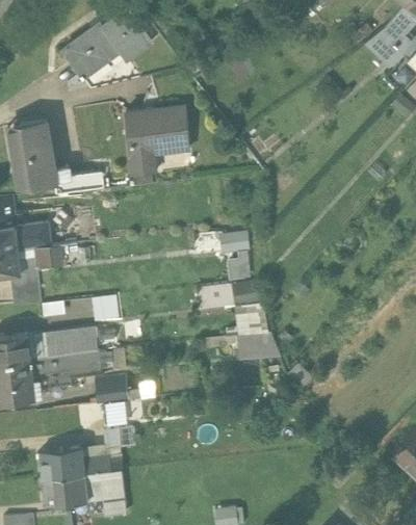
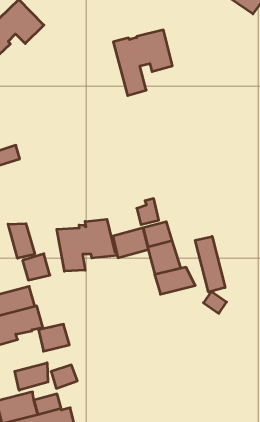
building: [126,106,188,174] -> [113,30,172,96]
building: [219,232,248,255] -> none
building: none -> [8,224,35,258]
building: none -> [57,219,117,271]
building: none -> [195,236,225,292]
building: none -> [15,363,48,390]

